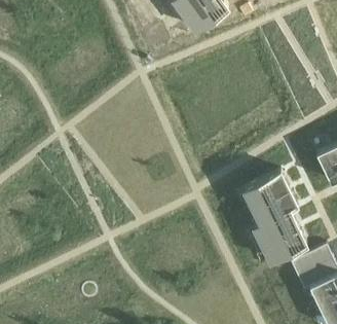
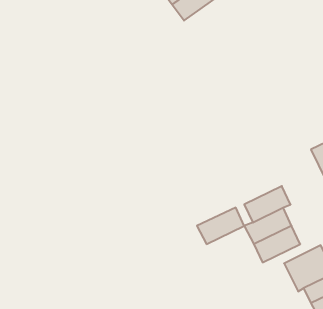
building: [244,172,289,207] -> [197,208,244,244]

